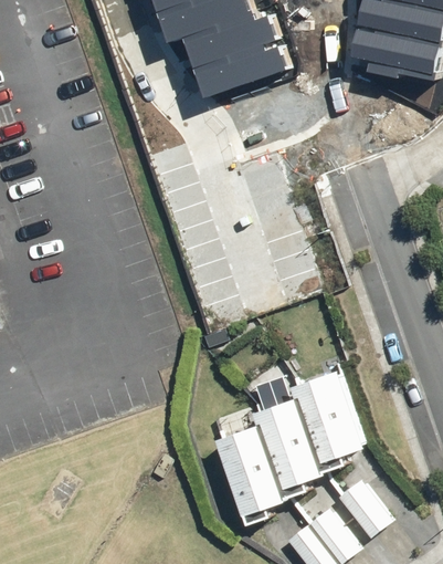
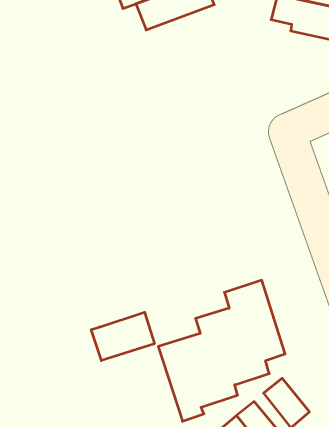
building: [198,36,289,96] -> none
building: none -> [91,312,154,361]

